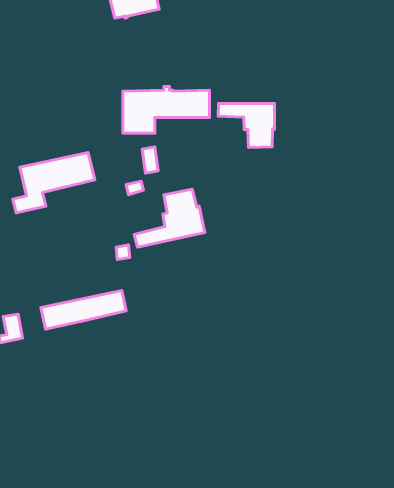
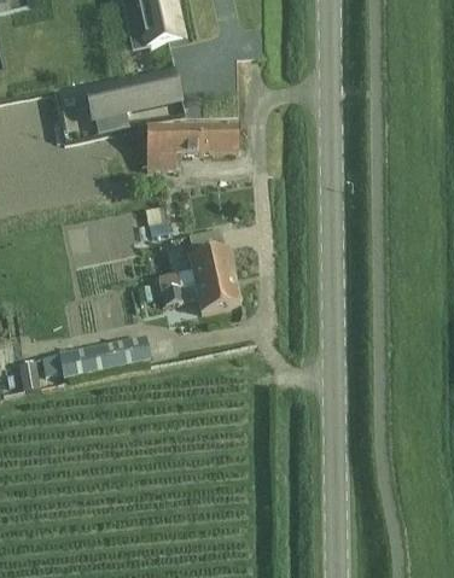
building: [218,104,274,147] -> none
building: [13,153,95,213] -> [94,69,181,133]
building: none -> [162,275,240,311]

